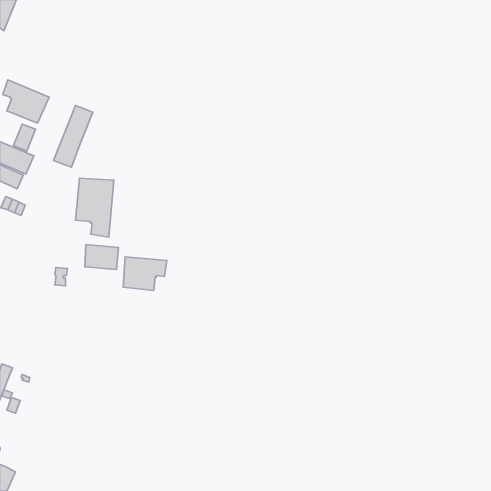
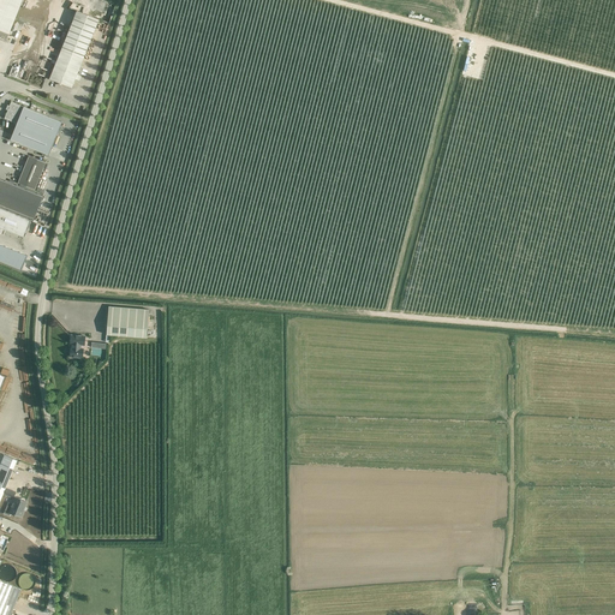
building: [53,105,93,167] -> [48,10,97,86]
building: [75,178,114,237] -> none
building: [123,257,167,290] -> none

